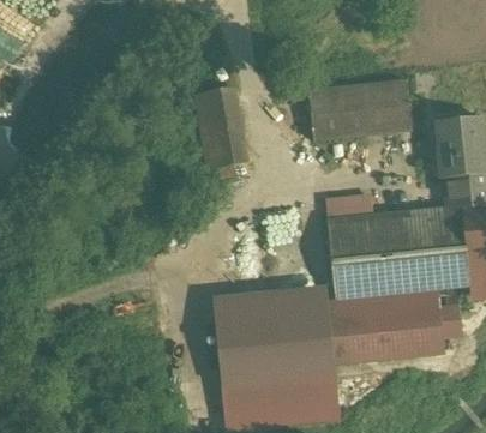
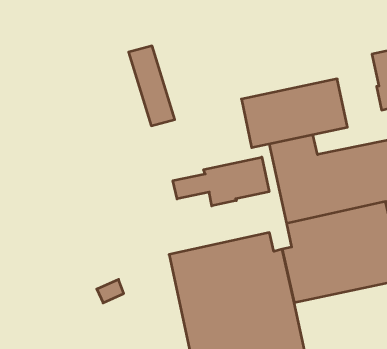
building: [308,82,410,140] -> [241,79,347,148]
building: none -> [173,157,269,206]

